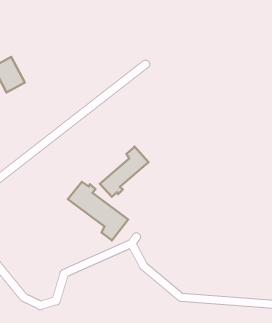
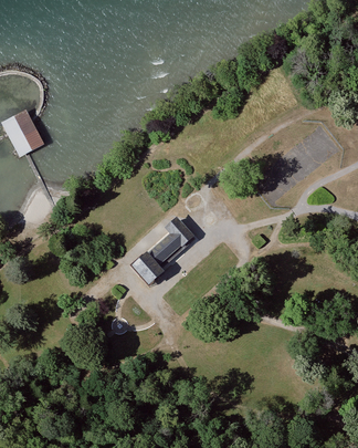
building: [68,182,128,241] -> none

